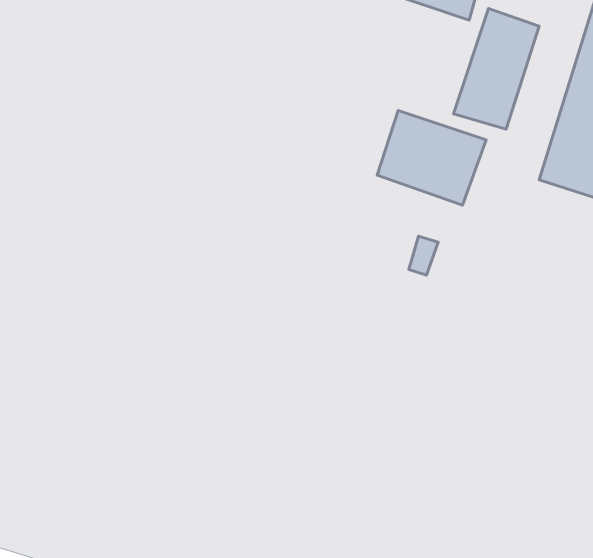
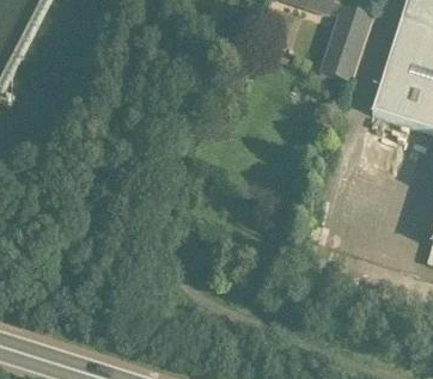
building: [377,111,486,205] -> none

